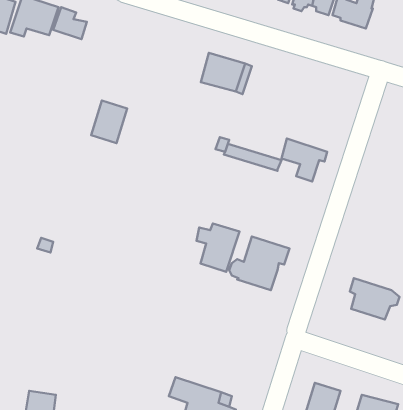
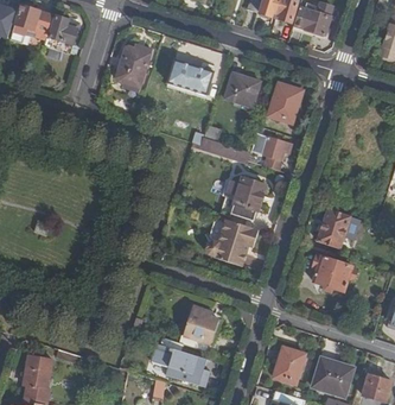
building: none -> [224,70,260,105]
building: none -> [269,84,300,121]
building: [91,100,127,143] -> [117,45,149,83]
building: [197,223,240,272] -> [228,176,266,219]
building: none -> [316,210,348,247]
building: none -> [183,308,216,344]

